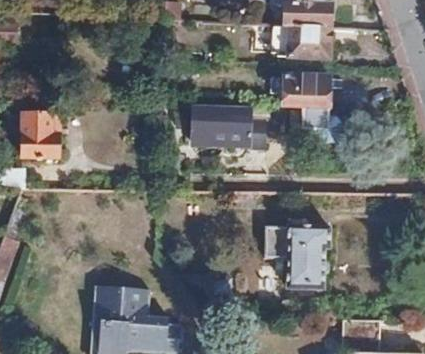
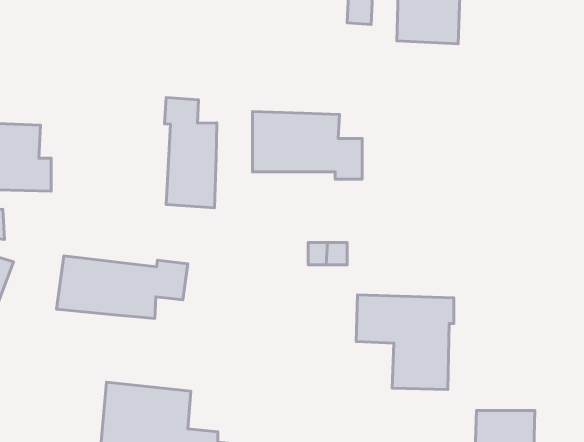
building: [285,74,342,141] -> none
building: none -> [165,98,217,208]
building: none -> [57,256,188,318]

